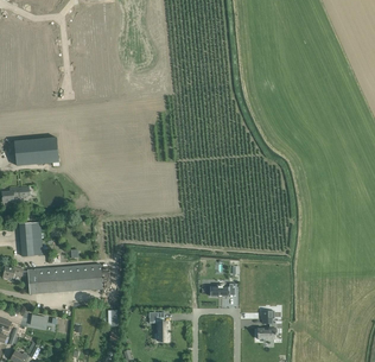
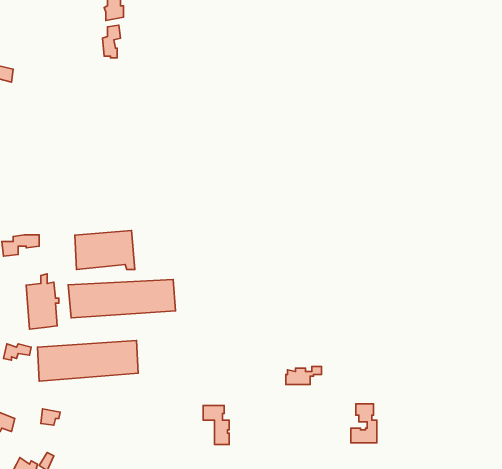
building: [15,136,59,165] -> [75,230,135,269]
building: none -> [68,280,176,318]

